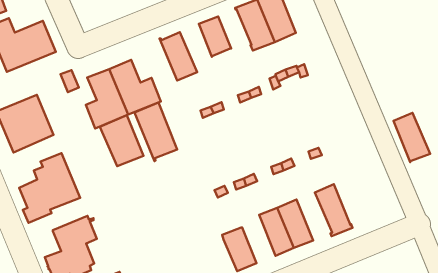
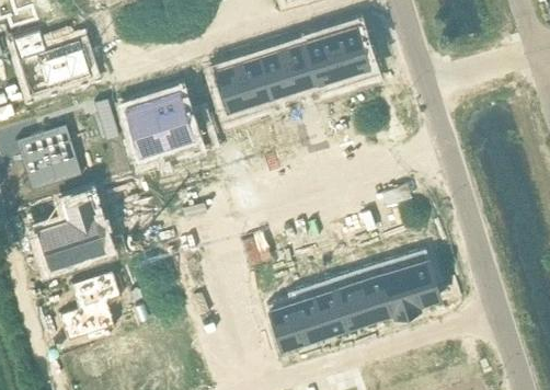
building: none -> [284,42,320,93]
building: none -> [238,56,277,112]
building: [134,102,177,161] -> none
building: [394,113,430,162] -> [402,248,442,305]
building: [100,115,143,166] -> none
building: none -> [357,263,396,319]
building: none -> [288,284,328,340]

